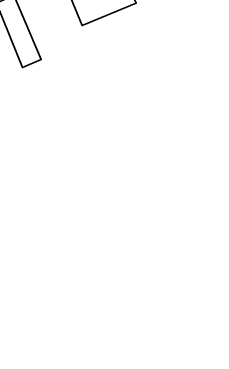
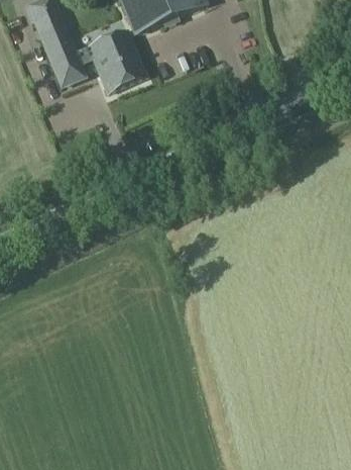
building: none -> [90,29,146,91]

